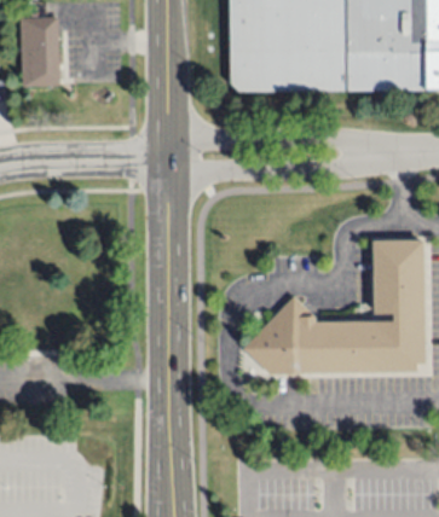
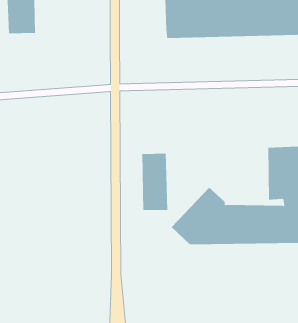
building: none -> [142,153,168,211]

